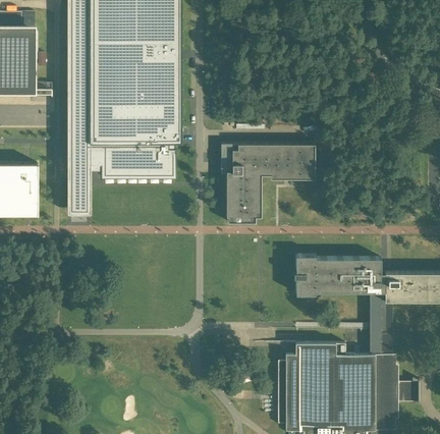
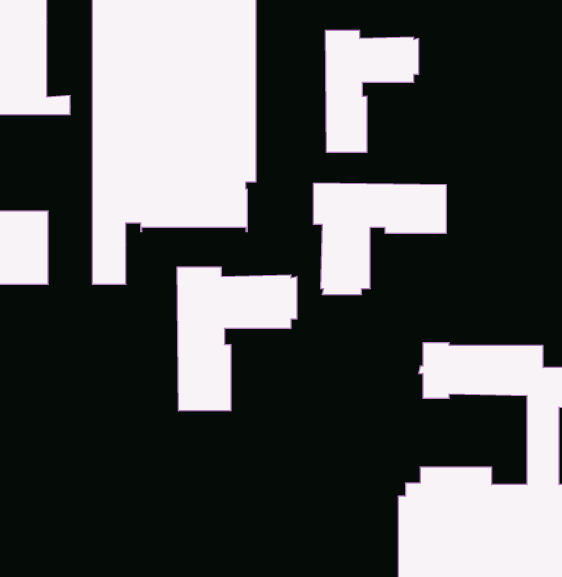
building: none -> [325,30,418,152]
building: none -> [177,267,297,411]

